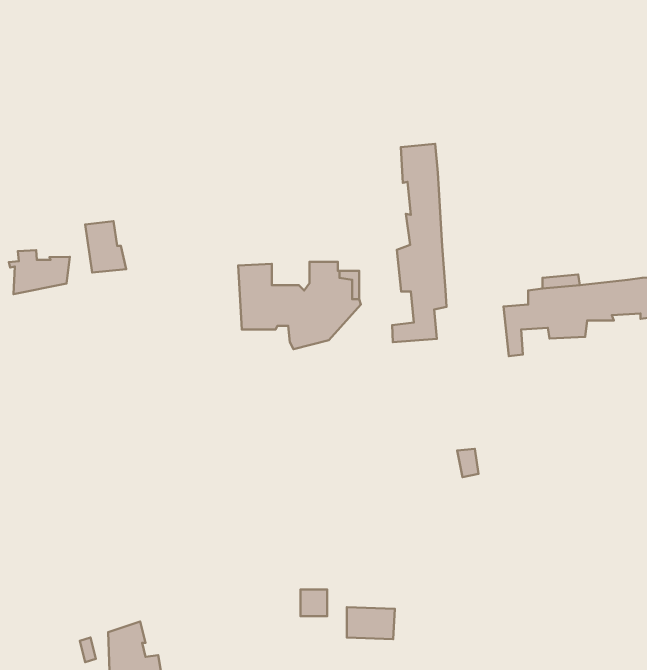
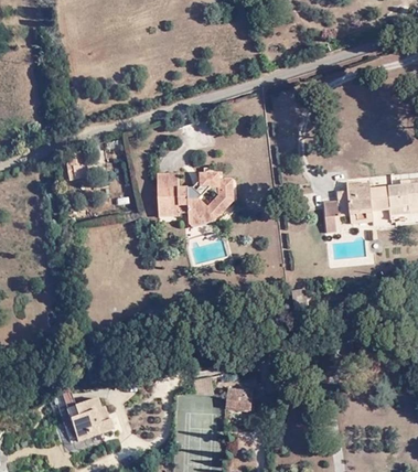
building: [392,144,446,342] -> none
building: [9,250,70,294] -> none

